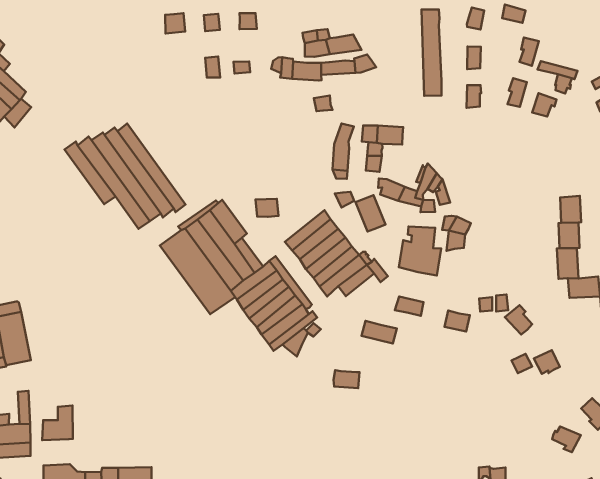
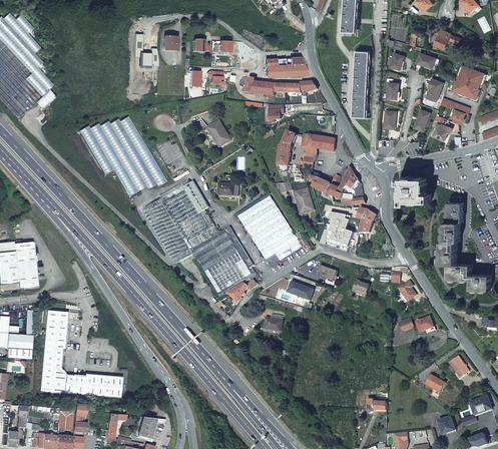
building: none -> [451,64,483,98]
building: none -> [205,118,231,147]
building: none -> [398,176,430,203]
building: none -> [42,310,66,334]
building: none -> [39,348,60,368]

